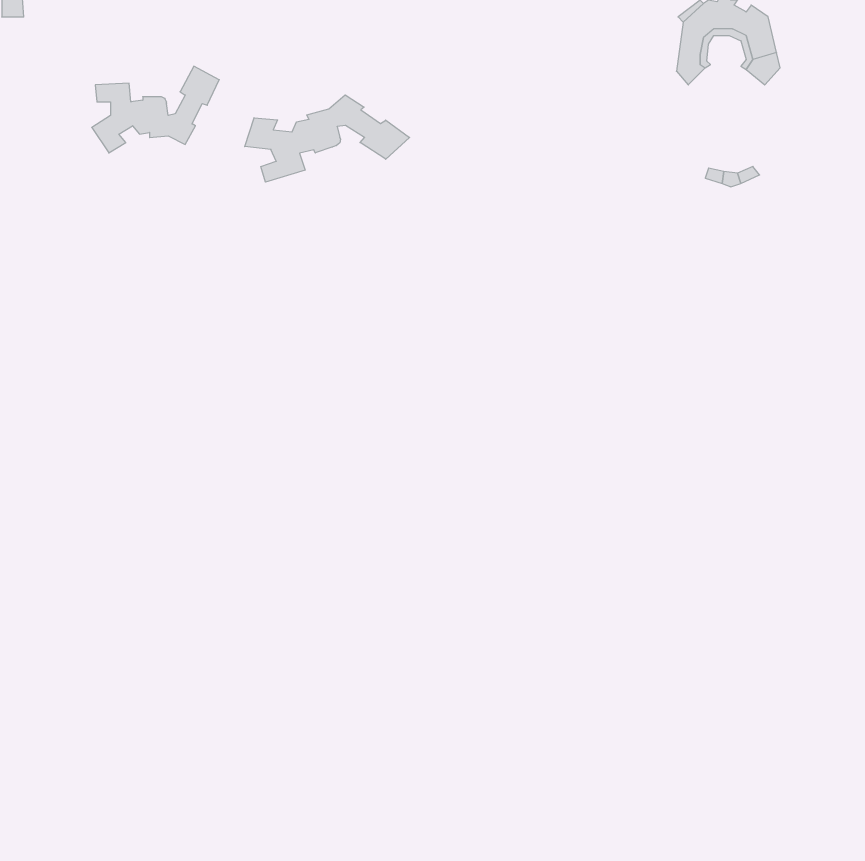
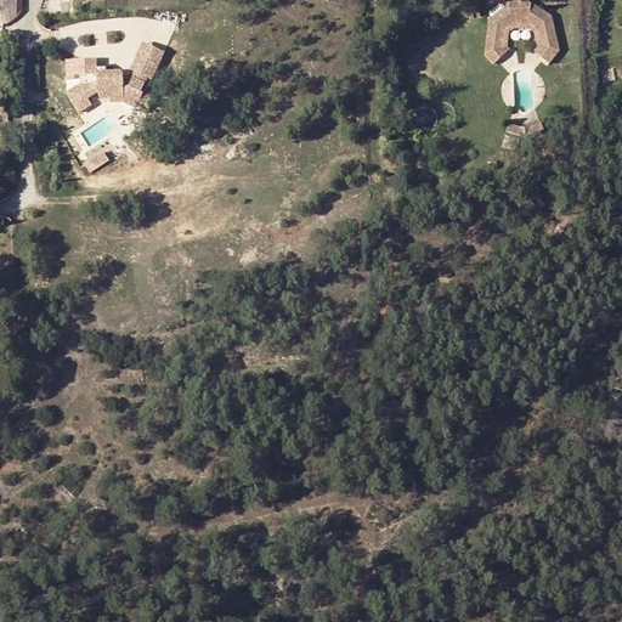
building: [245,95,410,182] -> none

